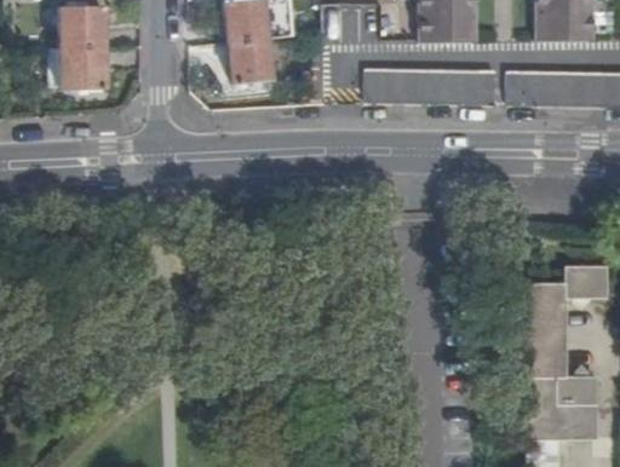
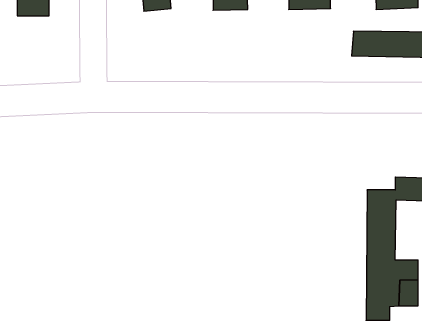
building: [229,40,271,87] -> none
building: [61,50,104,93] -> none
building: [363,68,494,104] -> none

